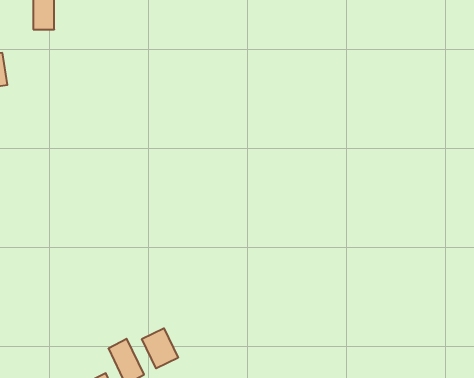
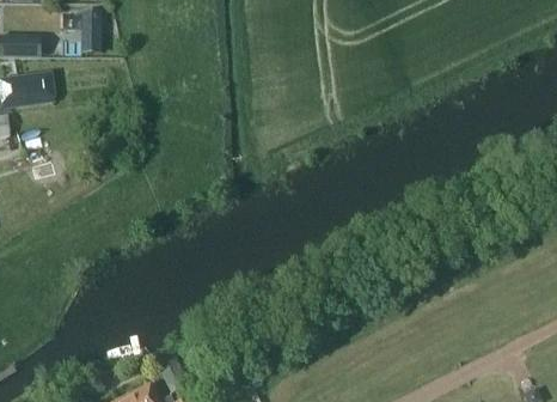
building: [142,328,178,368] -> none

